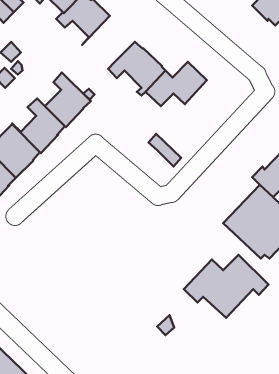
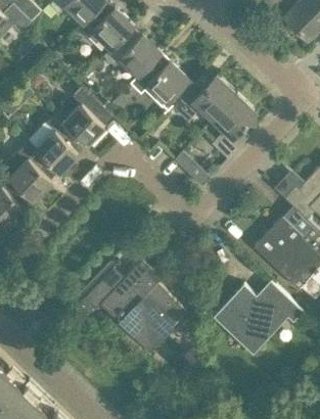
building: none -> [103,27,161,76]
building: none -> [212,95,256,159]
building: none -> [83,260,187,354]

